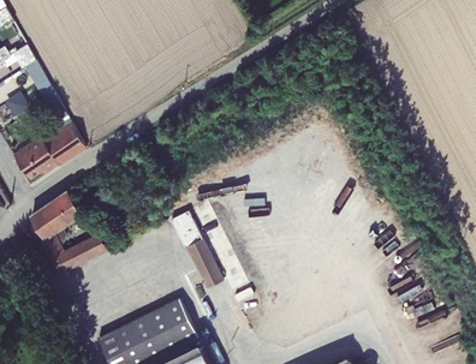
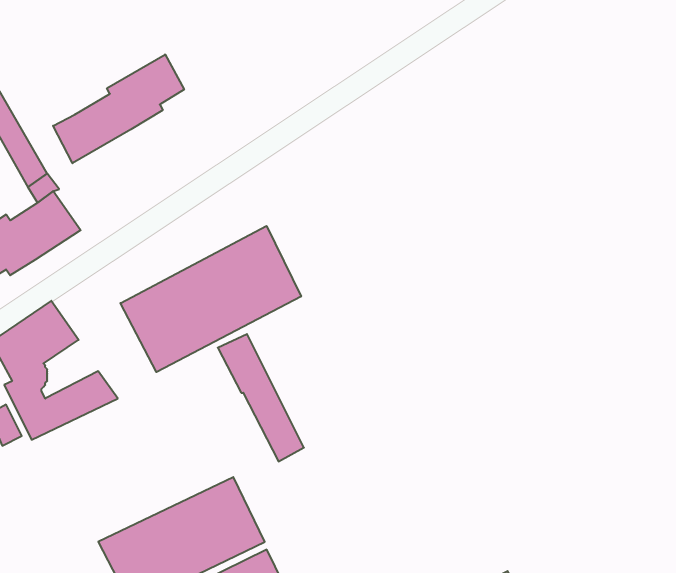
building: none -> [53,54,184,163]
building: none -> [120,226,301,372]

